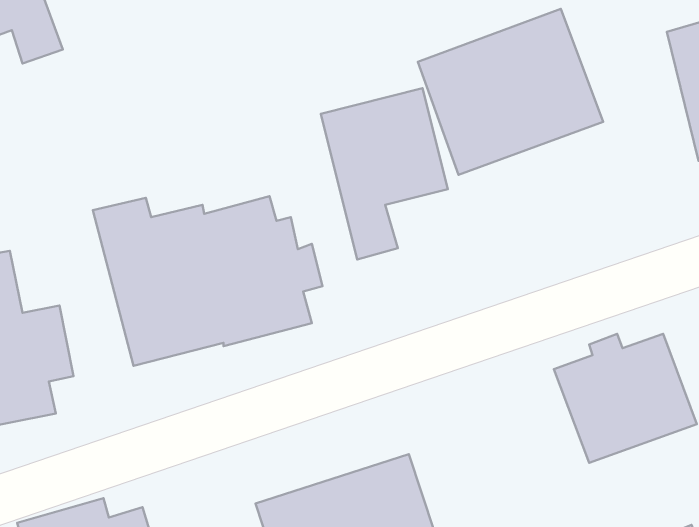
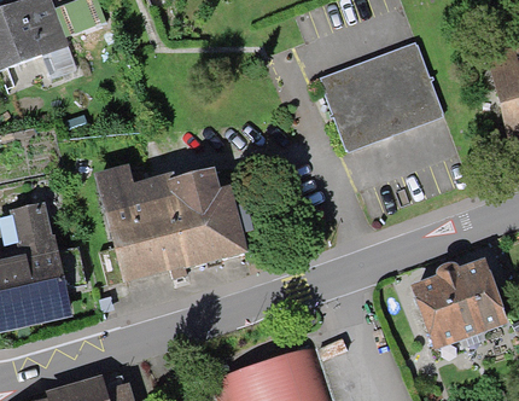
building: [321,88,448,260] -> none

